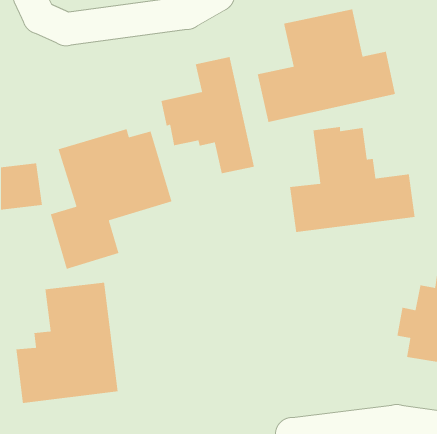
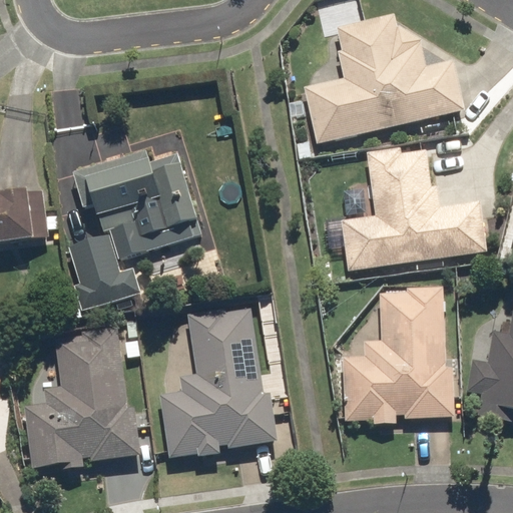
building: [160,56,255,174] -> none
building: none -> [341,285,452,423]
building: none -> [156,307,277,459]

